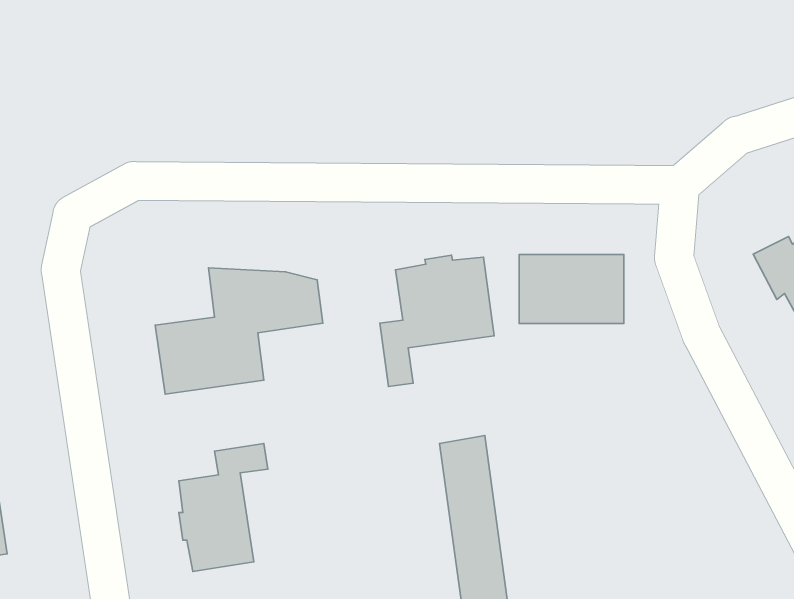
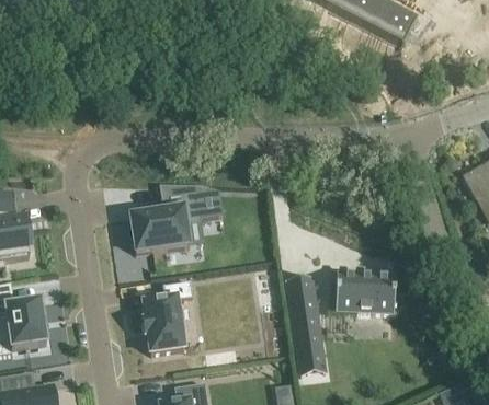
building: [519,255,624,324] -> [337,274,395,312]
building: [380,255,494,387] -> none

